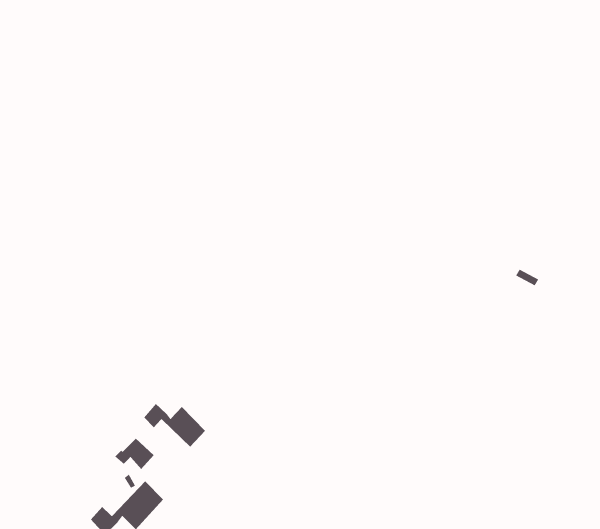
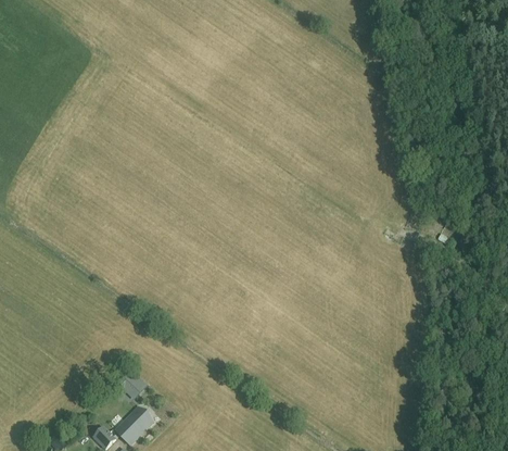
building: [144,403,206,448] -> none

